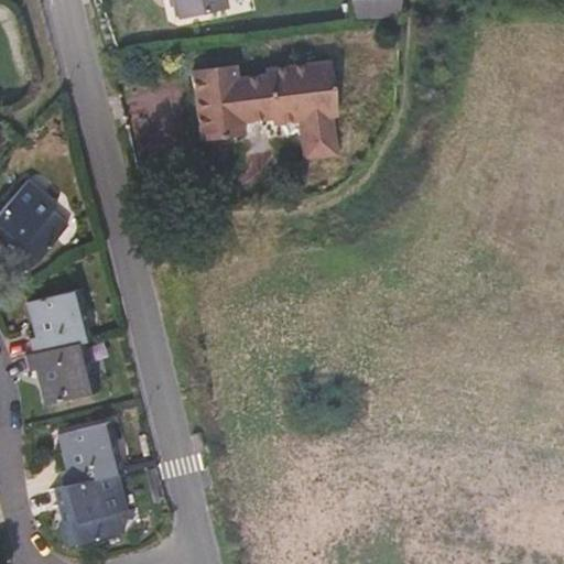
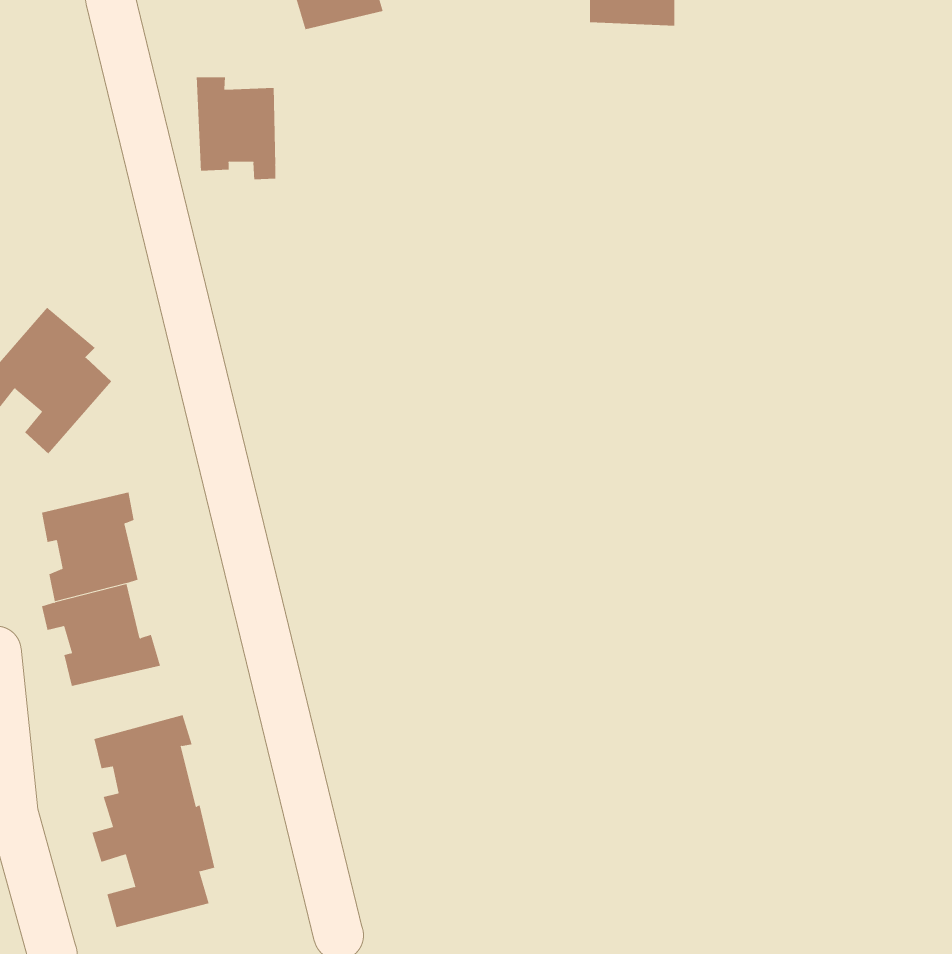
building: none -> [196,76,276,180]
building: [193,62,341,159] -> none

